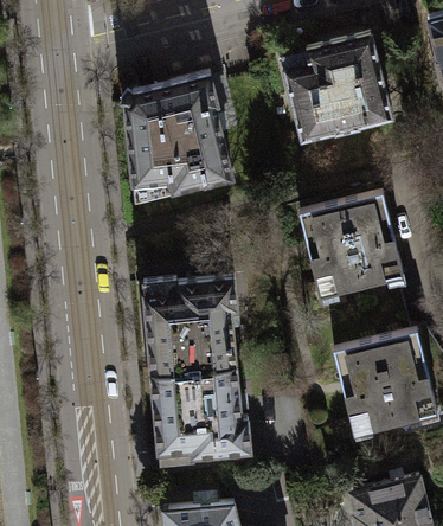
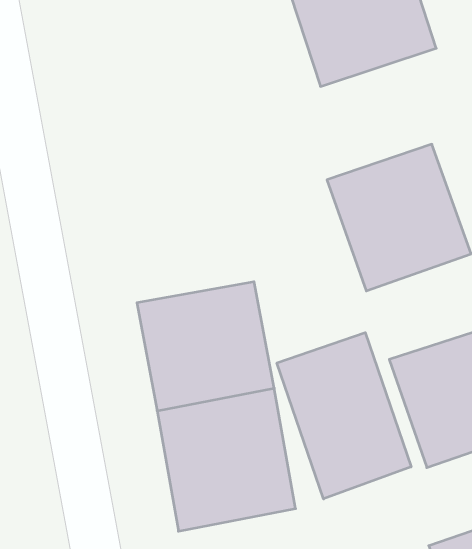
building: [118,79,230,197] -> none
building: none -> [277,333,411,499]

